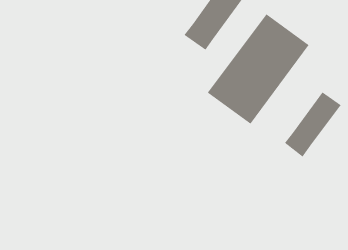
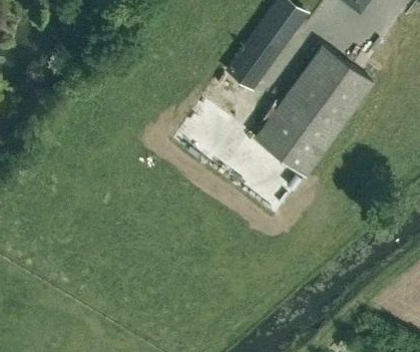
building: [284,92,342,157] -> none

